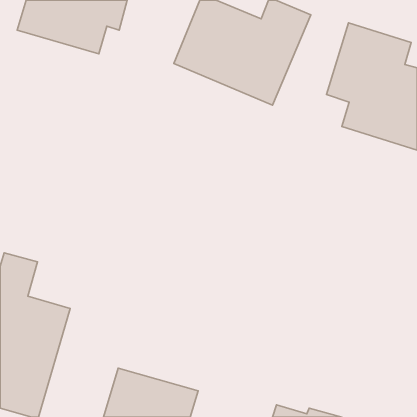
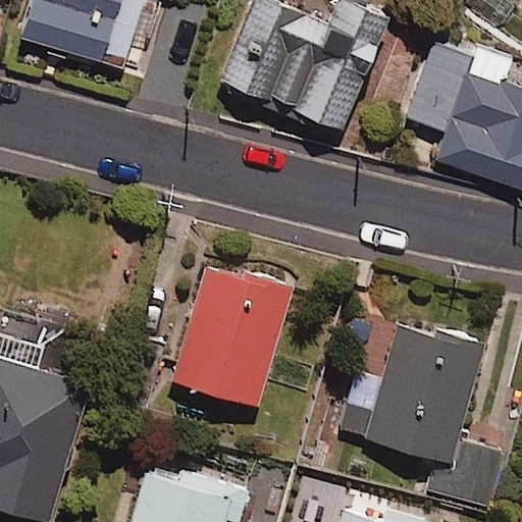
building: none -> [172,264,292,408]
building: none -> [367,325,500,504]

